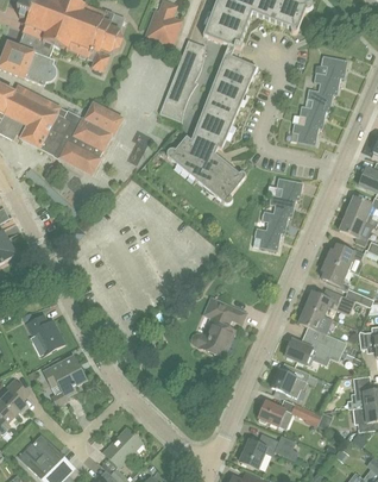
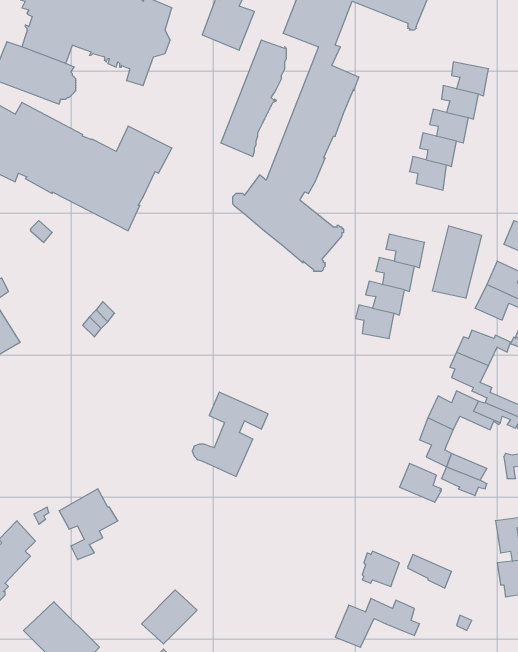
building: none -> [433,226,482,298]
building: [191,296,245,356] -> [192,392,268,476]
building: [26,314,64,352] -> none
building: [271,367,316,396] -> none

